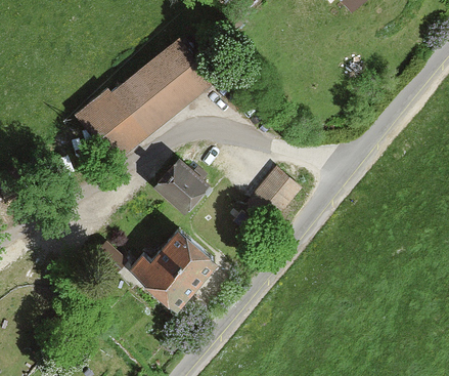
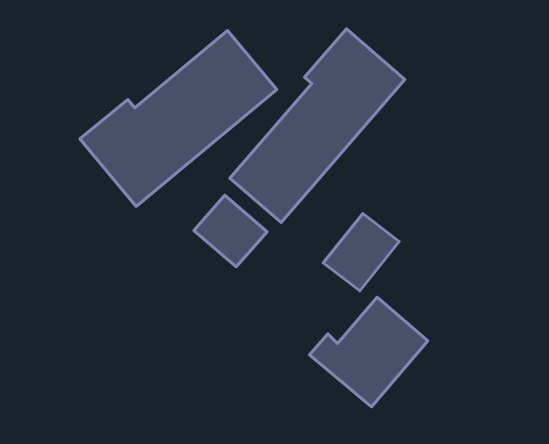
building: none -> [230,29,405,223]
building: [129,226,215,306] -> [310,297,428,407]

